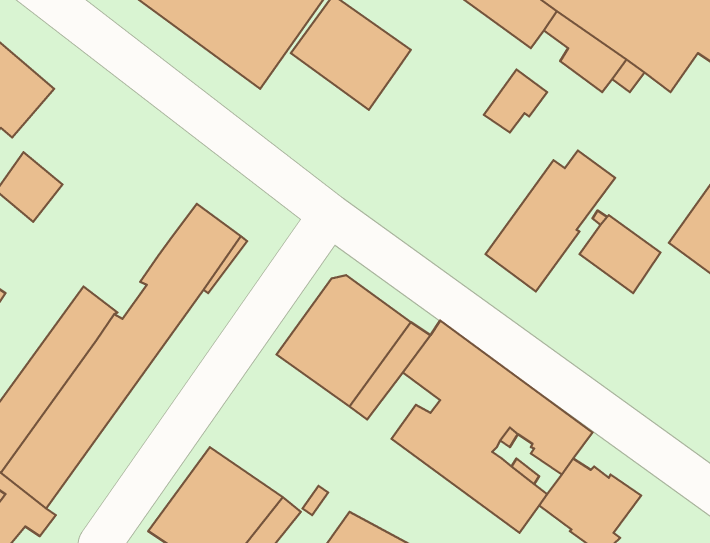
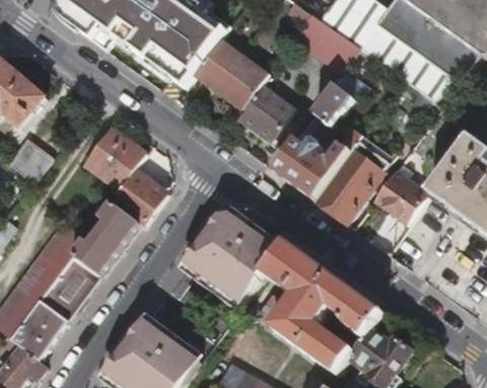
building: none -> [235,82,294,141]
building: none -> [82,125,145,187]
building: none -> [271,126,361,199]

